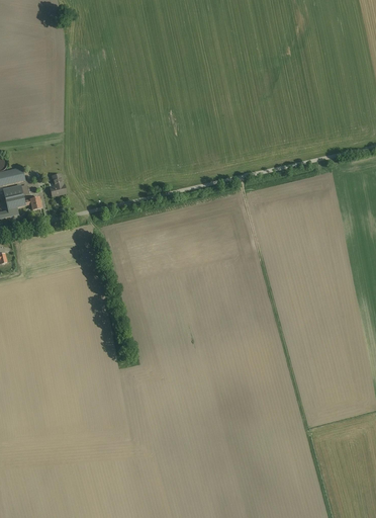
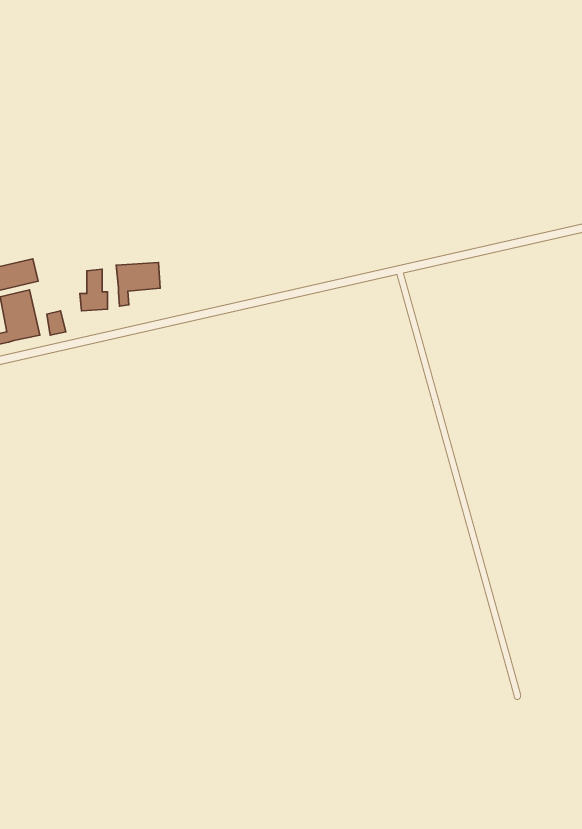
building: none -> [116,262,160,306]

